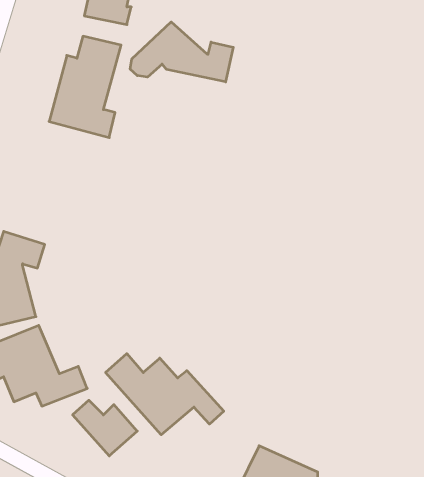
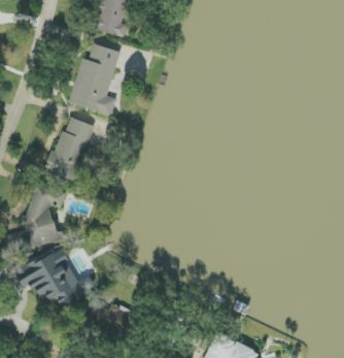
building: [130,22,233,82] -> none
building: none -> [46,116,93,181]
building: [106,354,224,435] -> none

